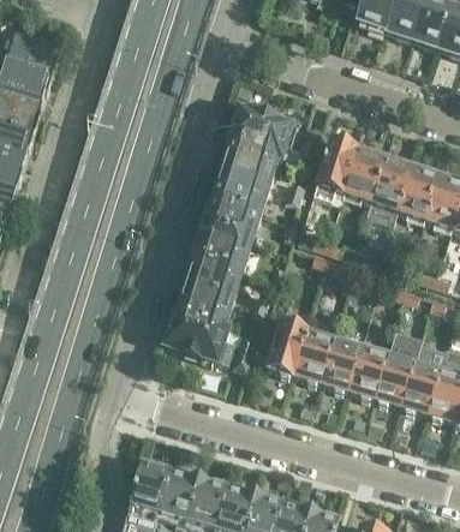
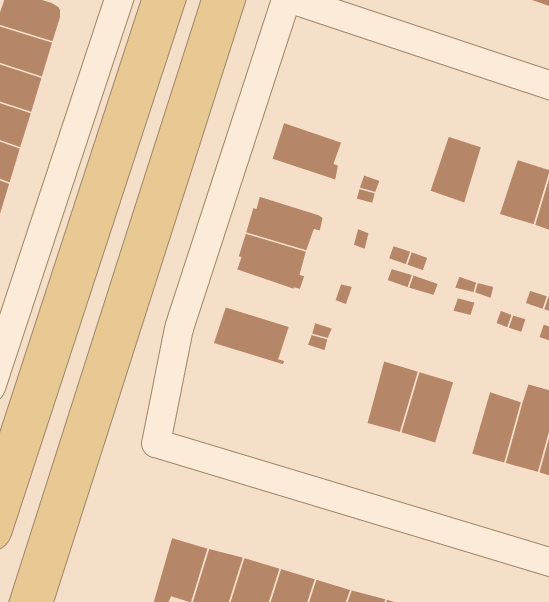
building: [229,108,322,166] -> none
building: [312,141,358,205] -> none
building: [371,159,412,211] -> none
building: [210,168,270,211] -> none
building: [184,255,238,299] -> none
building: [162,312,257,369] -> none
building: [267,318,307,375] -> none
building: [348,342,390,399] -> none

